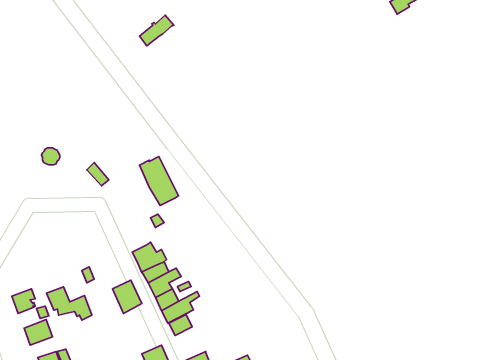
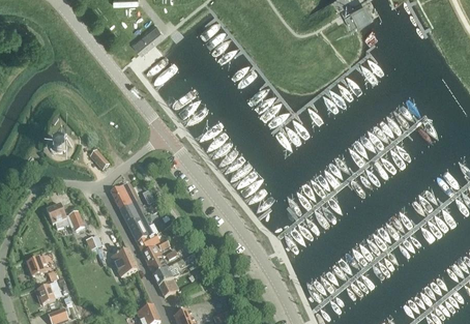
building: [139,157,179,206] -> [110,182,143,224]
building: [46,287,92,320] -> [46,203,84,231]

